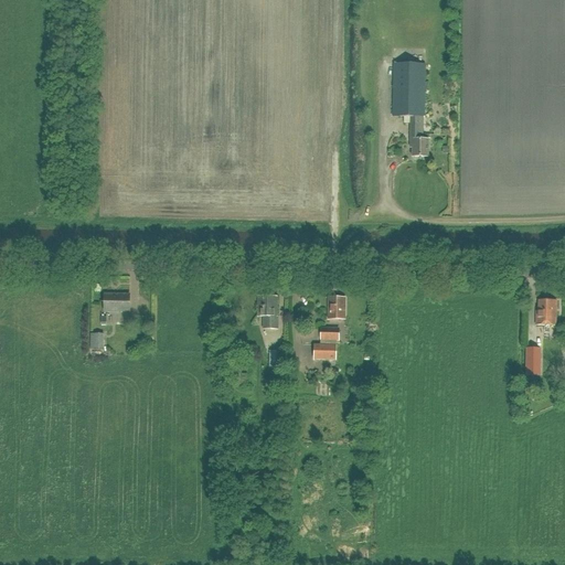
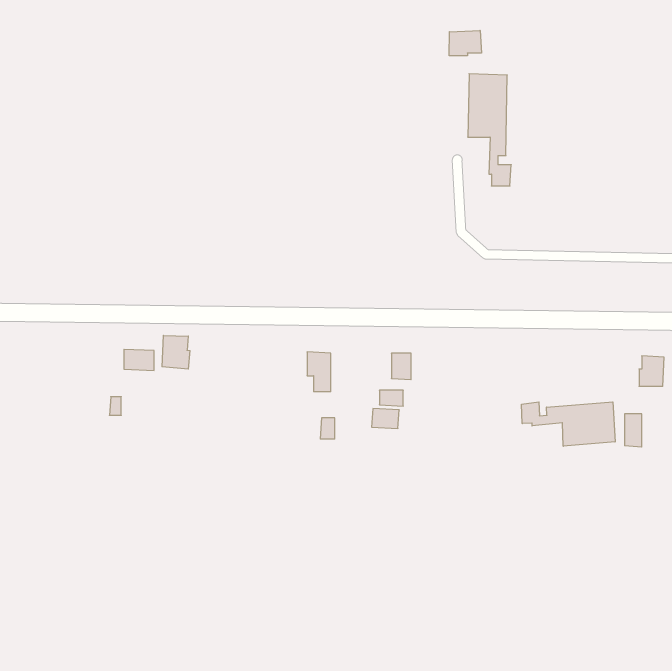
building: none -> [449,30,481,56]
building: none -> [162,335,190,369]
building: none -> [522,402,615,446]

